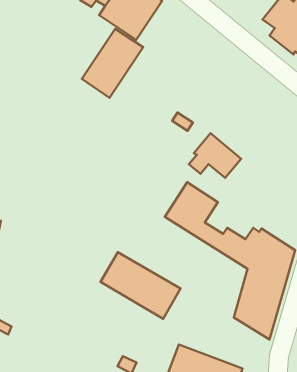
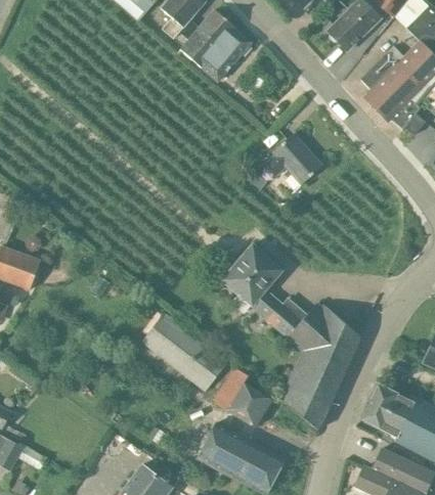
building: [82,29,143,98] -> none
building: [189,133,241,178] -> [265,133,323,184]
building: none -> [212,366,276,426]

